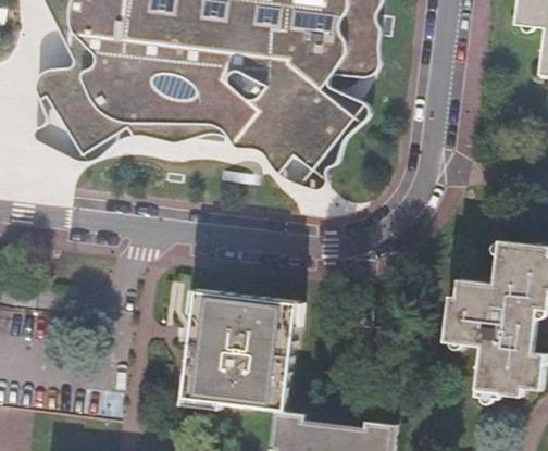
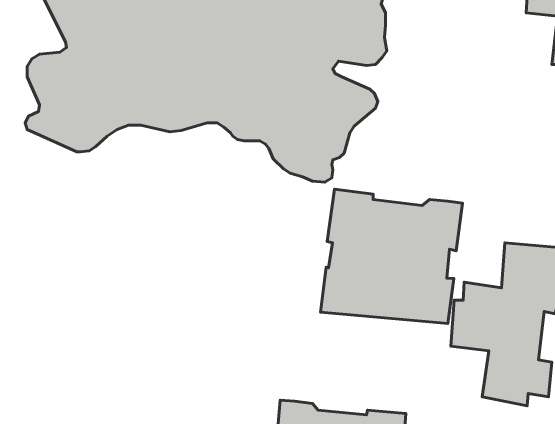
building: none -> [320,189,462,324]
building: [186,287,302,408] -> none

